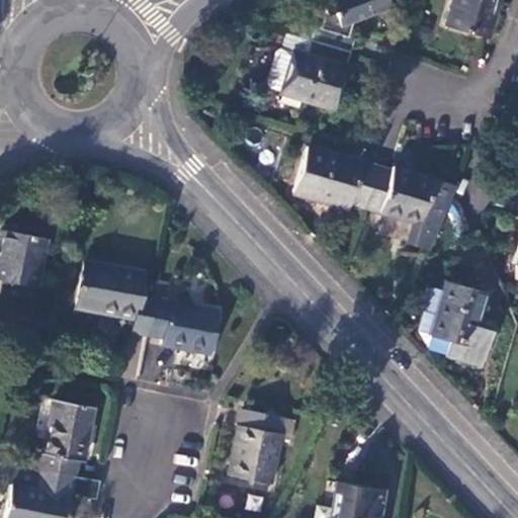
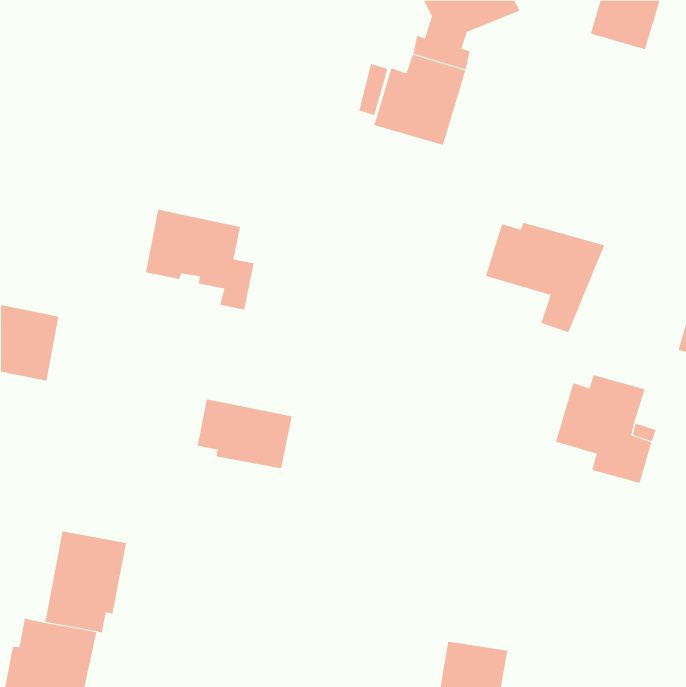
building: [294,148,378,209] -> none
building: [75,260,157,336] -> [145,209,254,310]
building: [231,410,285,484] -> none

